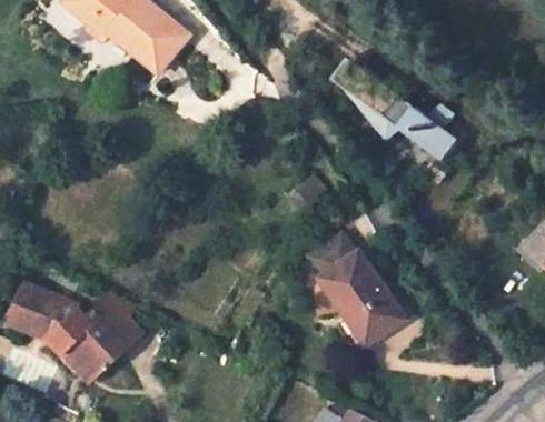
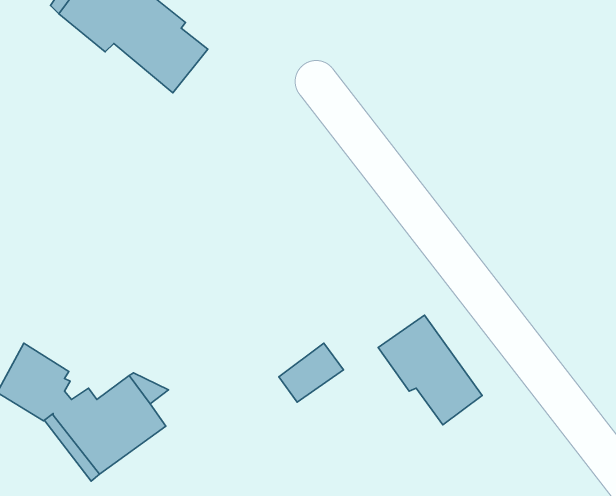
building: [324,54,454,160] -> none
building: [307,233,358,280] -> [279,343,343,402]

